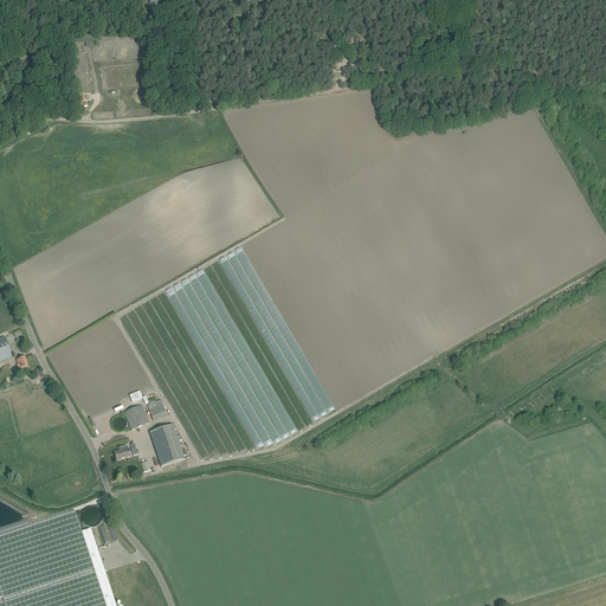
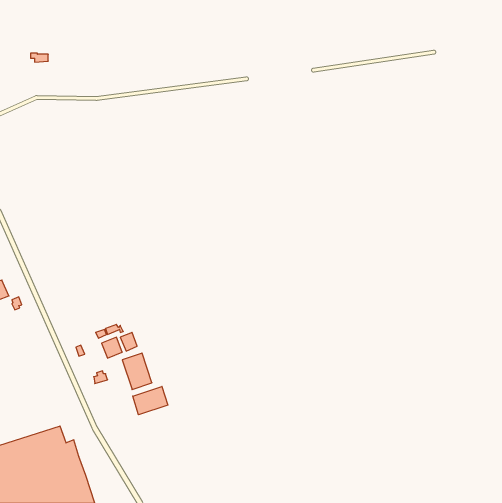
building: none -> [133,386,168,415]

